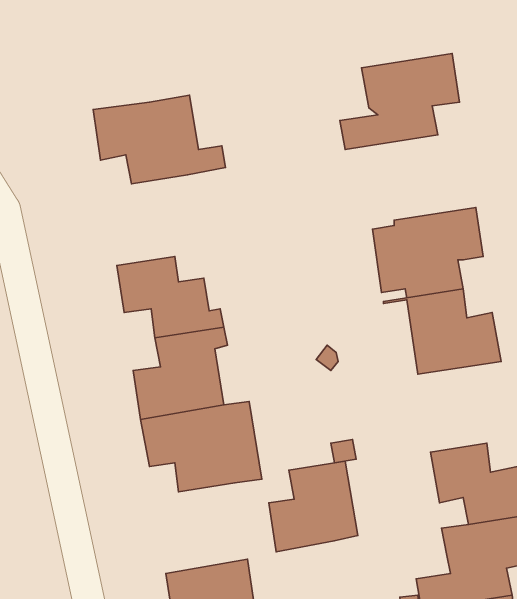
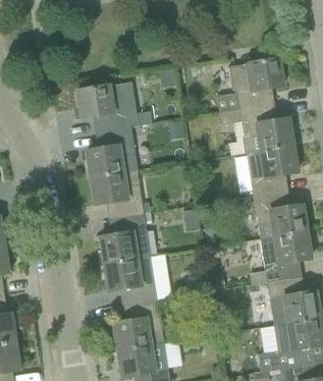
building: none -> [219,104,292,155]
building: none -> [87,126,137,177]
building: none -> [260,231,311,282]
building: [269,461,358,552] -> [114,300,164,350]

